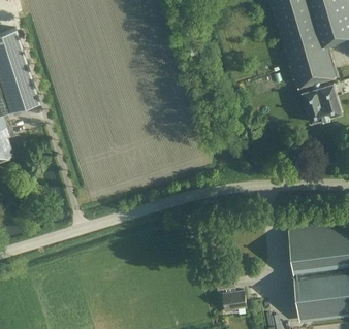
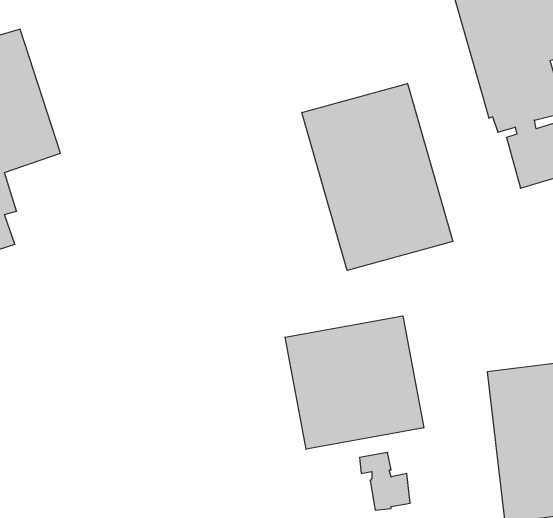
building: none -> [302,83,453,270]
building: none -> [285,316,424,449]

